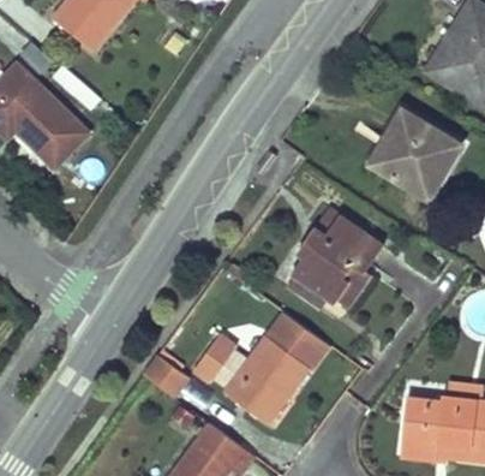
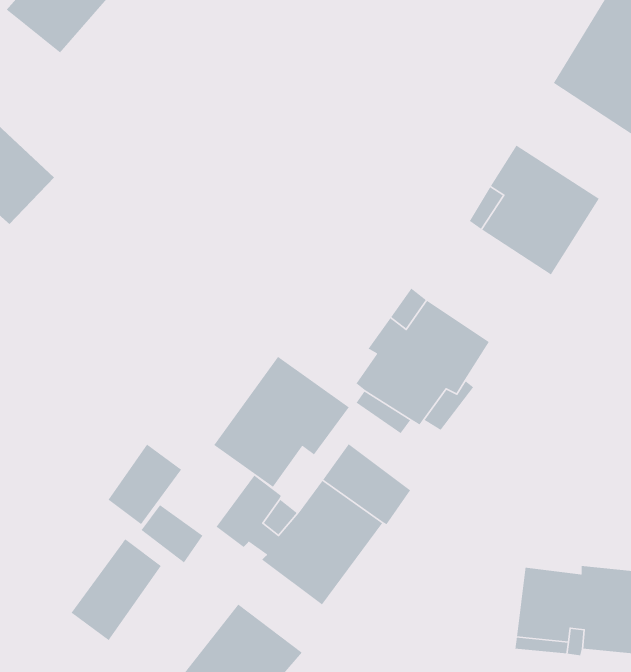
building: none -> [213,356,350,488]
building: none -> [108,444,182,525]
building: none -> [70,539,162,641]

